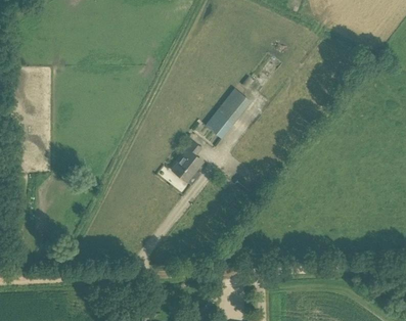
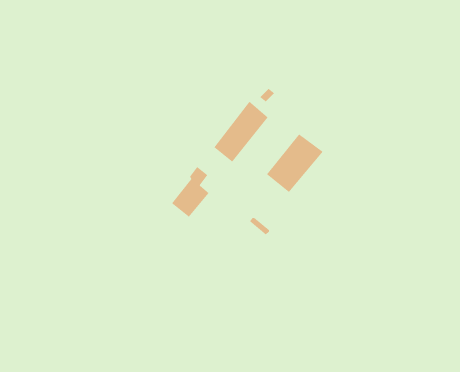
building: none -> [266,133,323,193]

